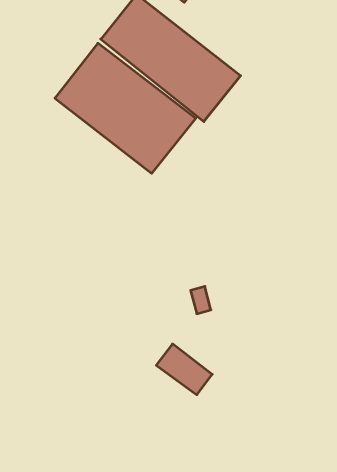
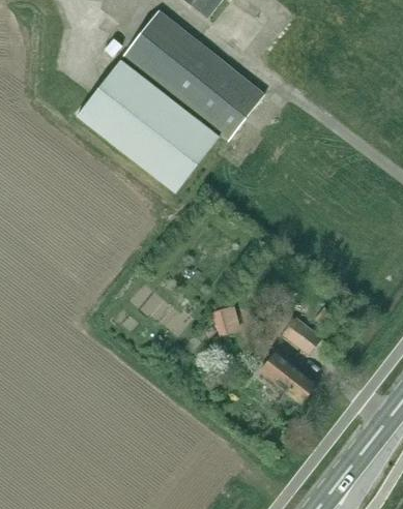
building: none -> [281,316,320,353]
building: [156,344,212,395] -> [259,350,316,401]

